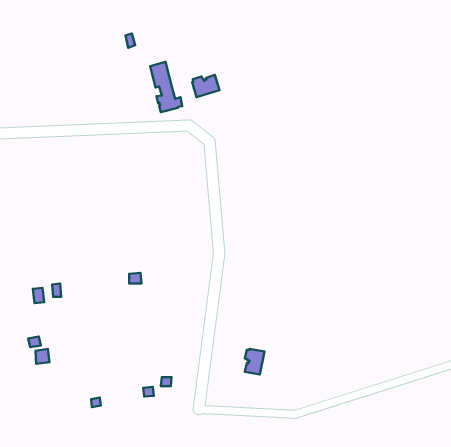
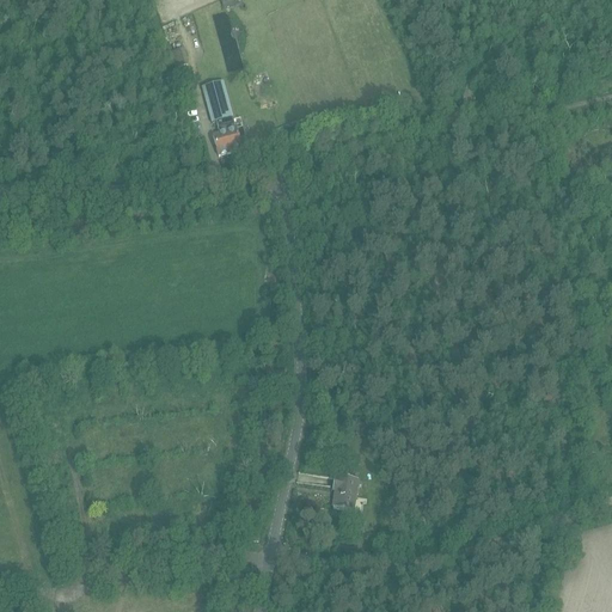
building: [192,75,219,97] -> none

